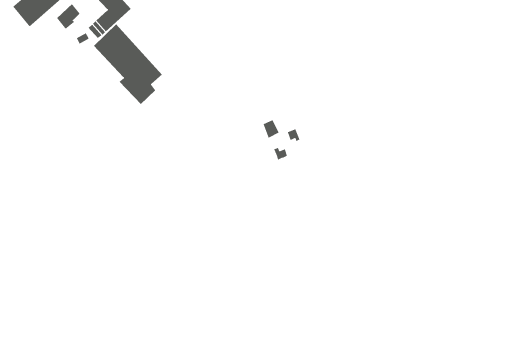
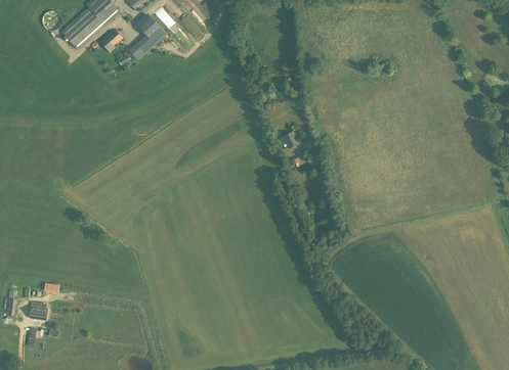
building: [93,24,163,105] -> none

